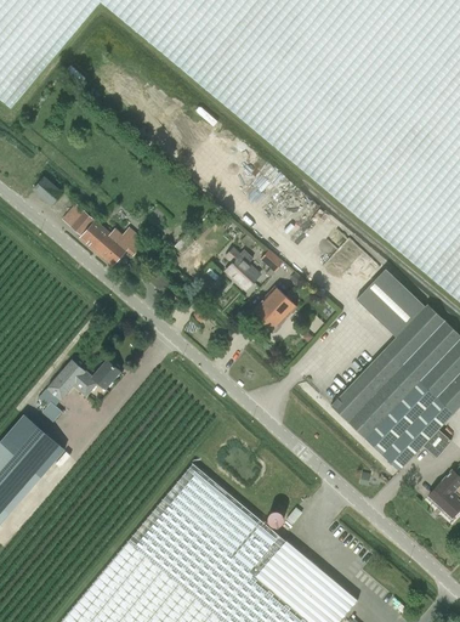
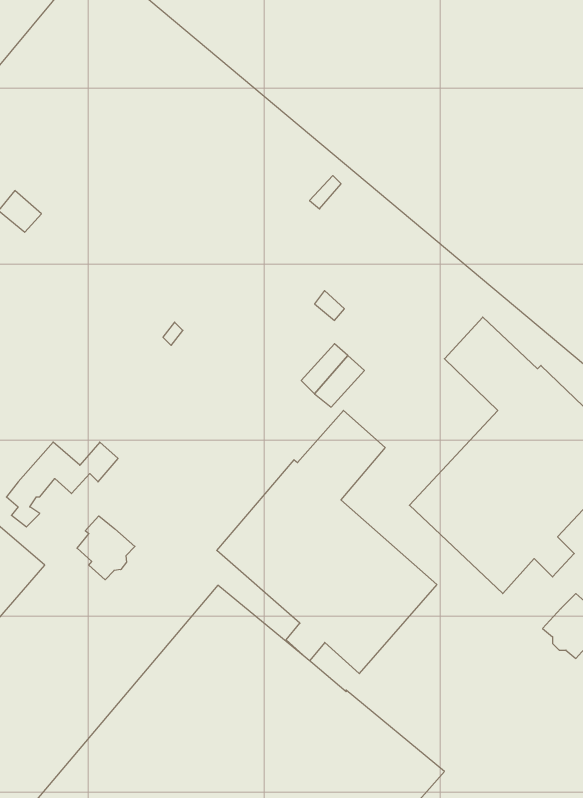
building: [70,210,148,266] -> none
building: [227,250,261,292] -> none
building: none -> [217,410,437,674]
building: none -> [77,516,135,580]

